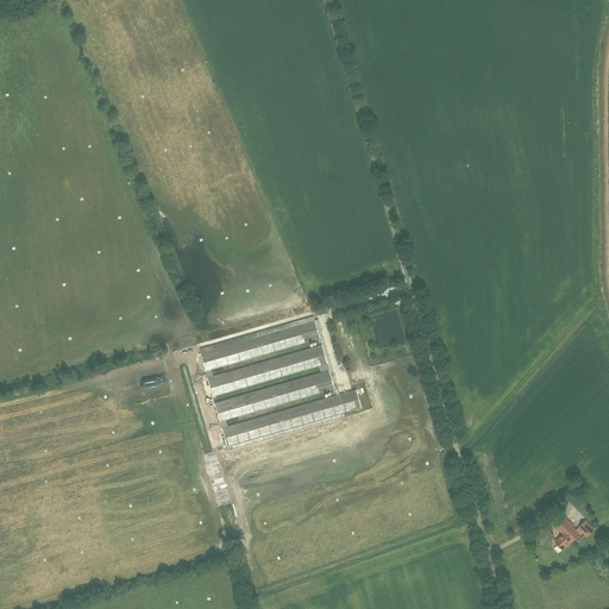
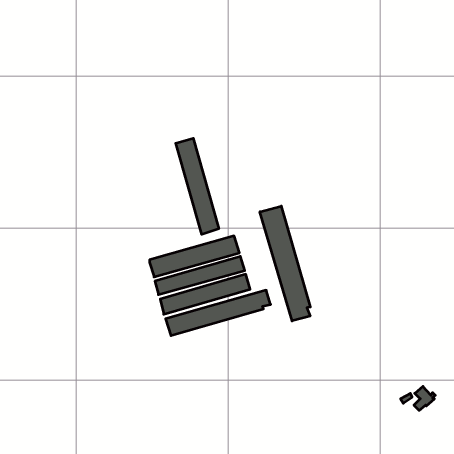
building: none -> [176,138,219,234]
building: none -> [260,206,310,321]

